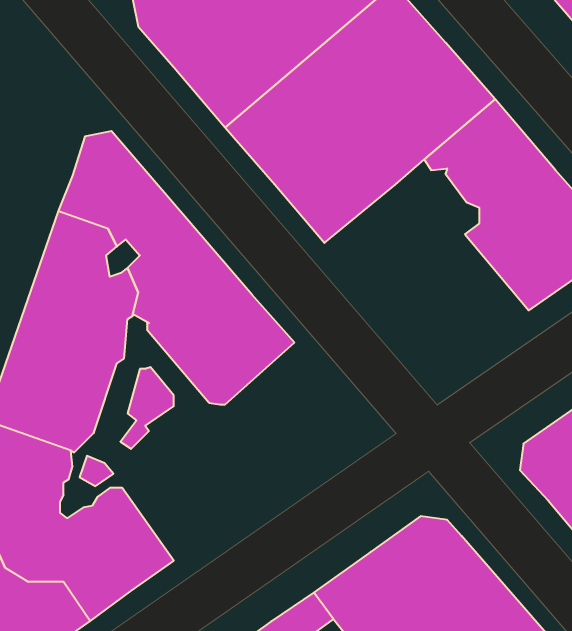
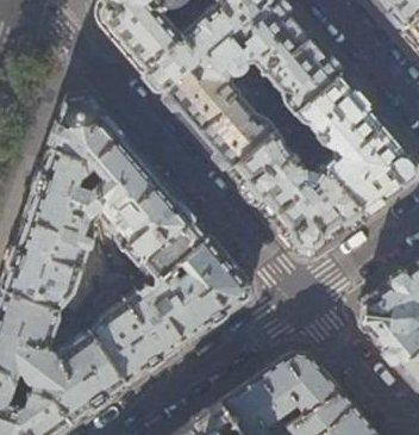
building: none -> [226,131,363,251]
building: none -> [90,237,245,384]

